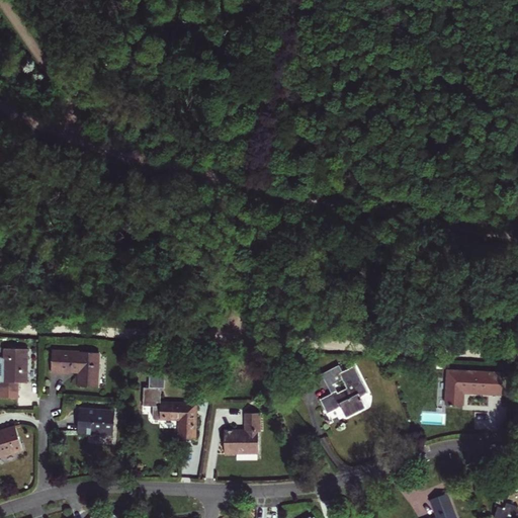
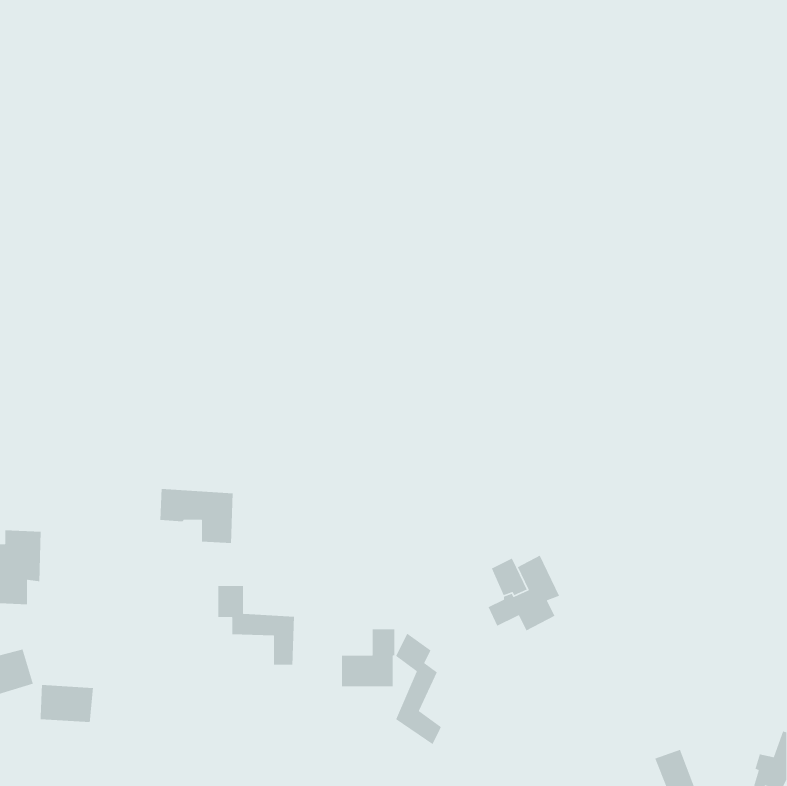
building: [51,351,99,387] -> [159,488,234,544]
building: [445,370,503,405] -> none
building: [78,409,113,434] -> [40,684,94,723]
building: none -> [395,633,442,745]

